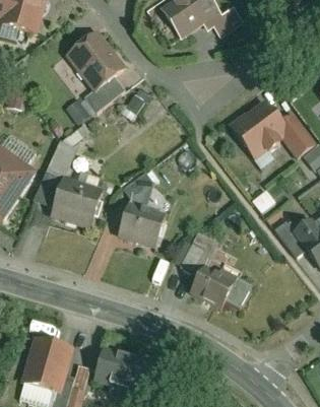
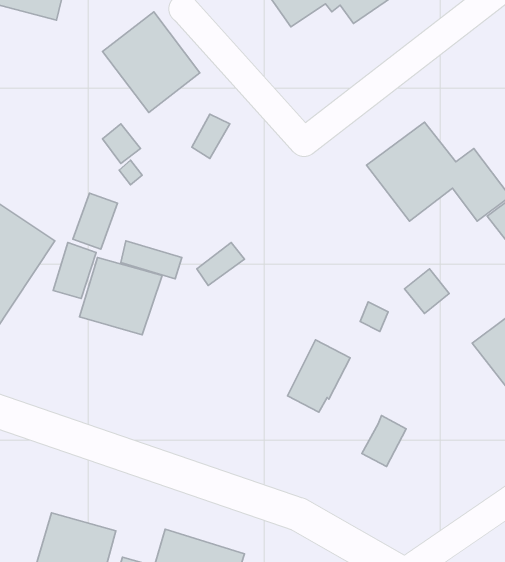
building: [82,75,124,111] -> none
building: [117,201,166,247] -> none
building: [189,266,235,310] -> none

